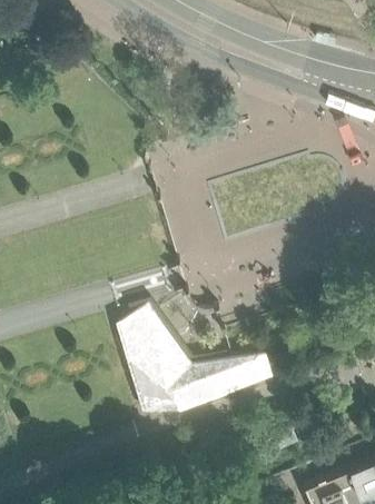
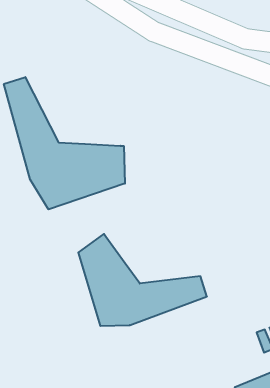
building: none -> [4,77,125,209]

